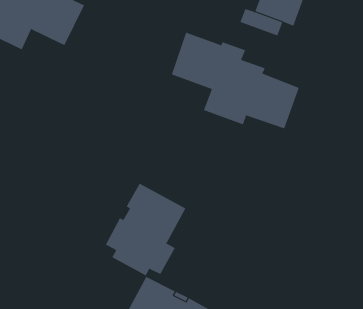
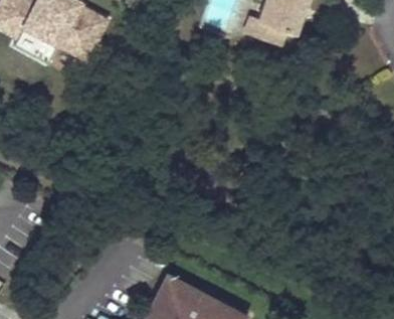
building: [171,32,300,129] -> none
building: [105,183,186,276] -> none

